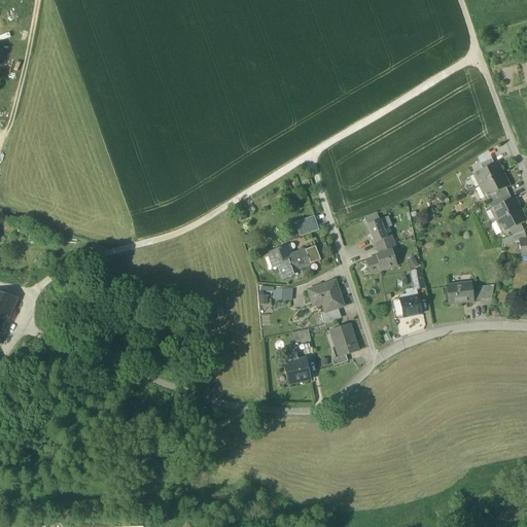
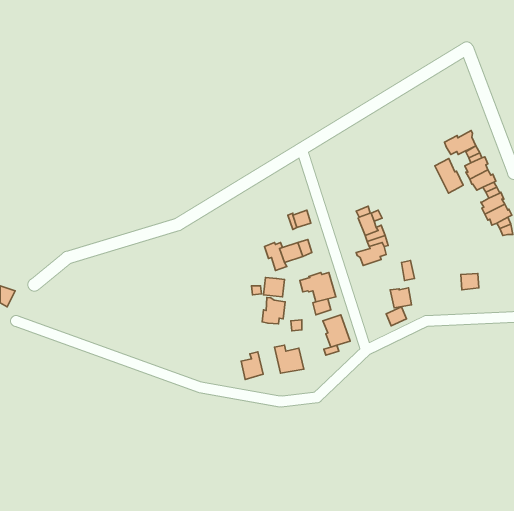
building: none -> [445,130,476,155]
building: none -> [435,159,463,193]
building: [448,281,472,301] -> none
building: none -> [262,297,285,324]
building: none -> [241,352,263,380]

